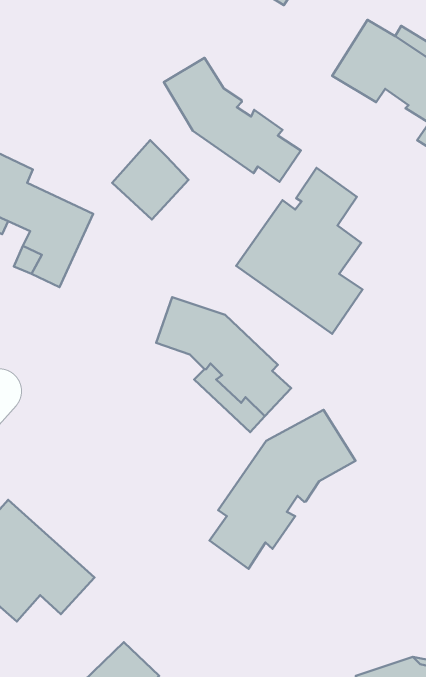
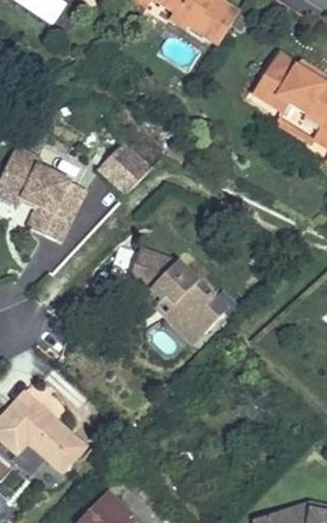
building: [164,58,301,182] -> none
building: [236,168,362,334] -> none
building: [209,410,356,569] -> none

